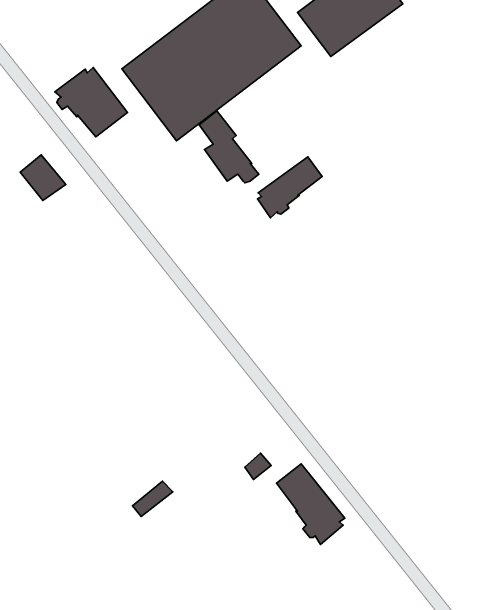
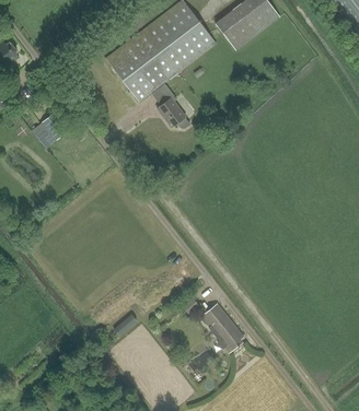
building: [55,68,127,137] -> none
building: [258,157,322,218] -> none

